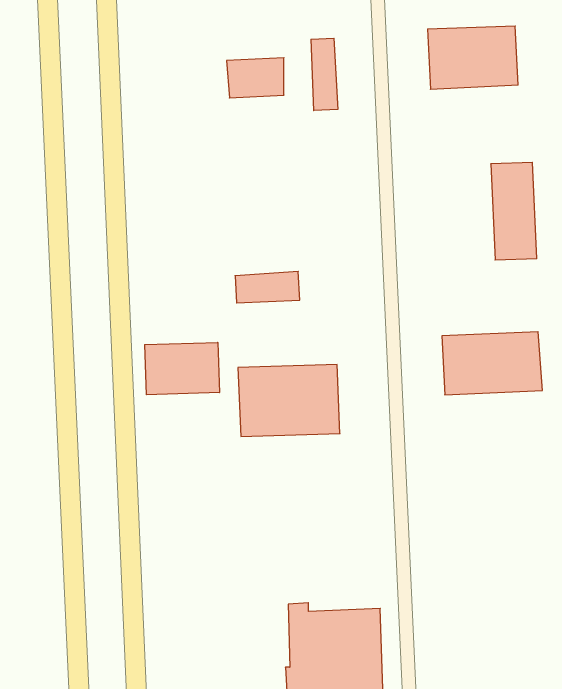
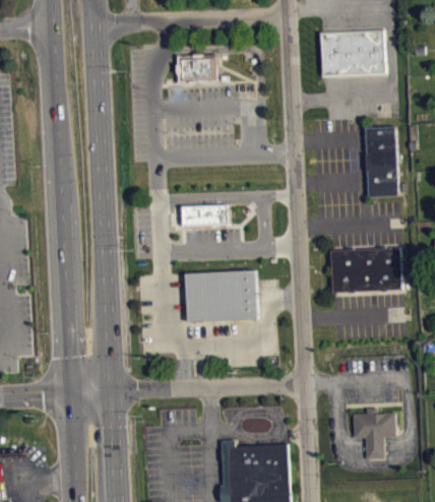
building: [311,38,338,111] -> none
building: [145,342,219,395] -> none
building: none -> [353,407,394,457]

